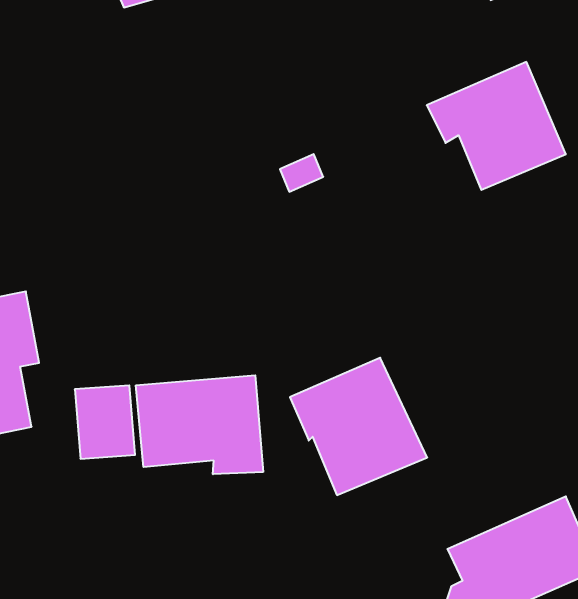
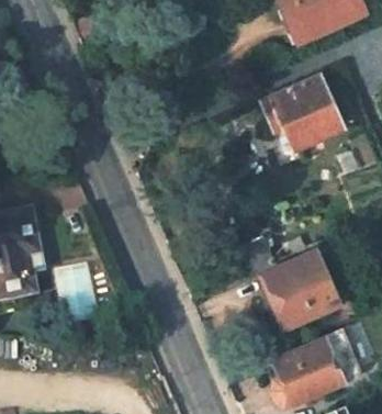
building: [290,358,427,495] -> [260,247,340,327]
building: [136,375,263,474] -> none

